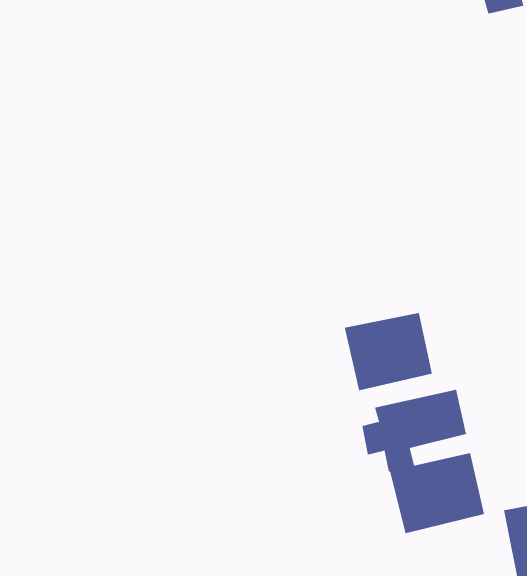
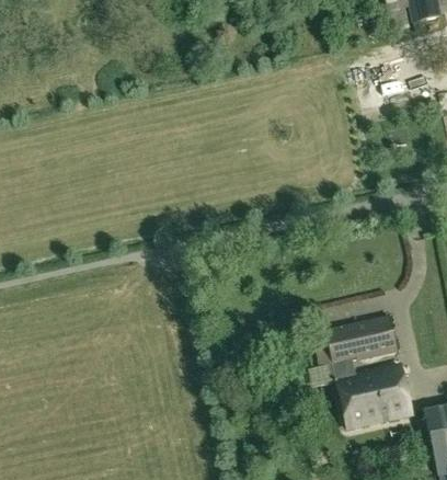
building: [344,312,432,391] -> none

